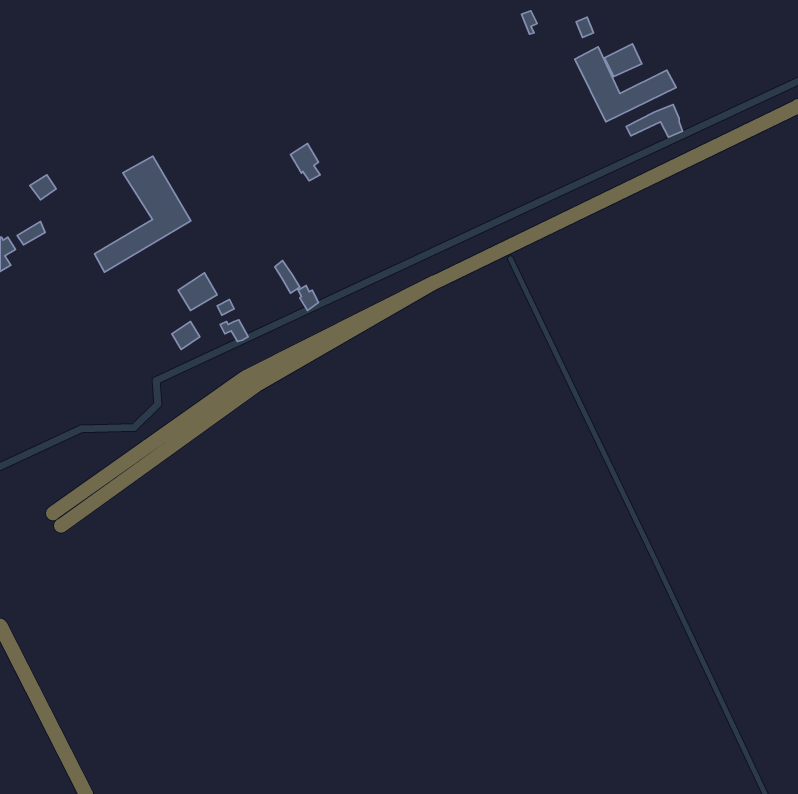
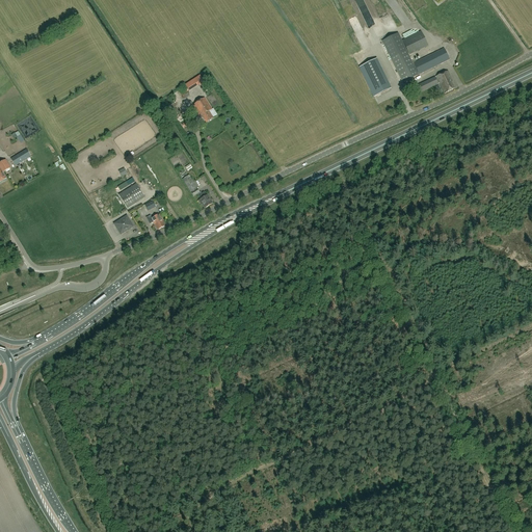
building: none -> [360,57,390,95]
building: [95,156,191,272] -> none

